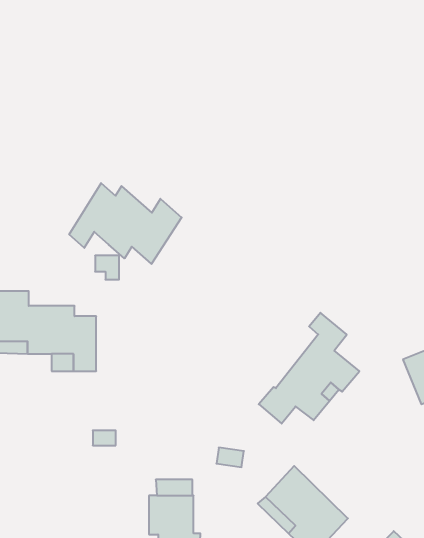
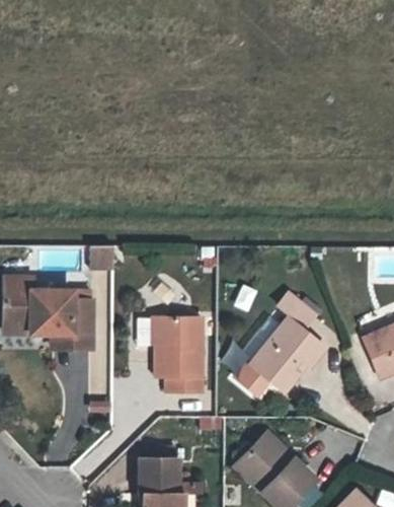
building: [69,183,182,264] -> none
building: none -> [156,317,203,390]

